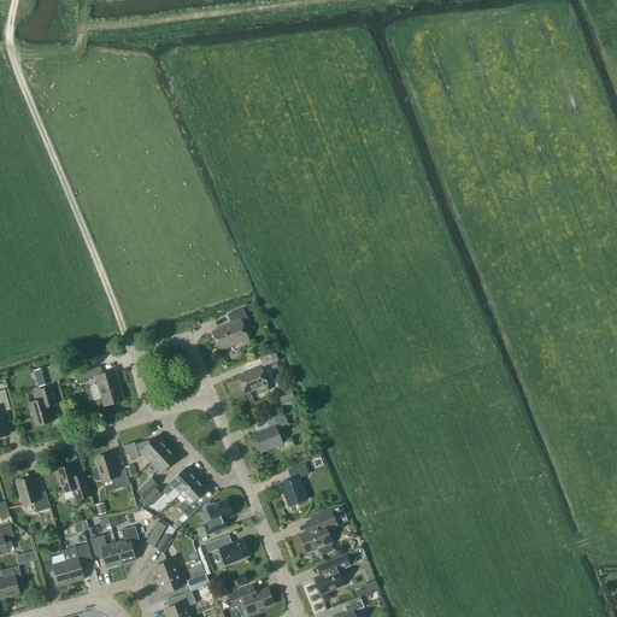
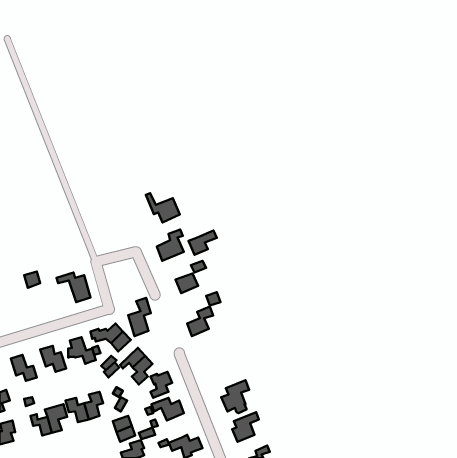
building: none -> [146,193,180,223]
building: none -> [188,231,217,255]
building: [28,386,57,427] -> none
building: none -> [128,298,151,336]
building: [278,464,307,506] -> none

